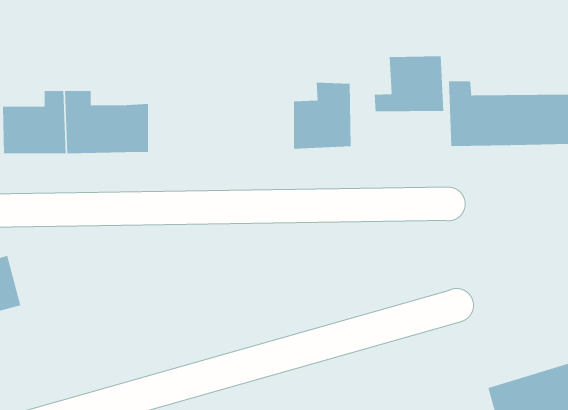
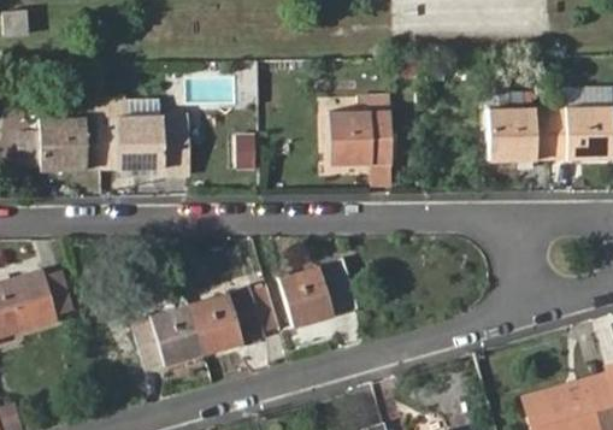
building: [374,56,444,112] -> none
building: none -> [281,260,359,324]
building: none -> [134,288,263,367]

